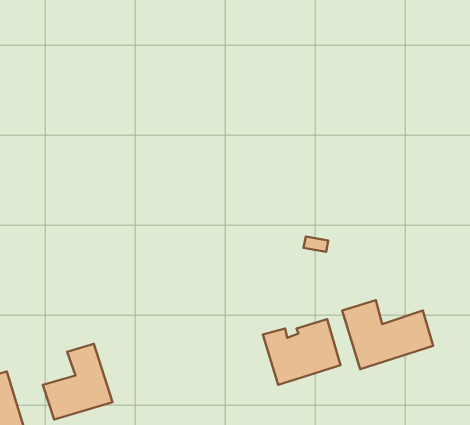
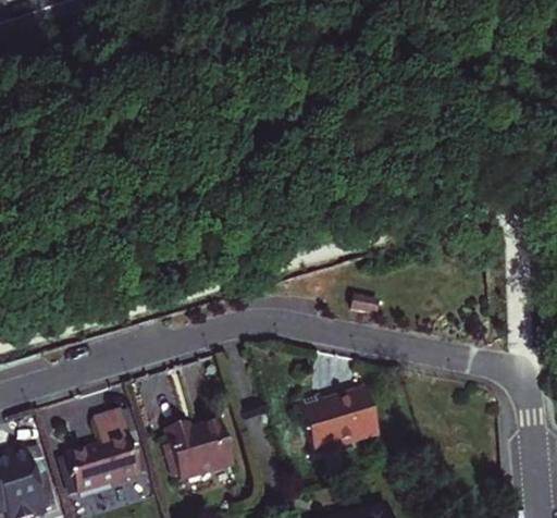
building: [342,300,433,369] -> none
building: none -> [166,429,233,483]

